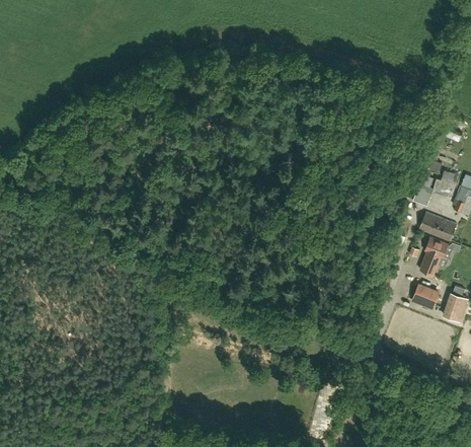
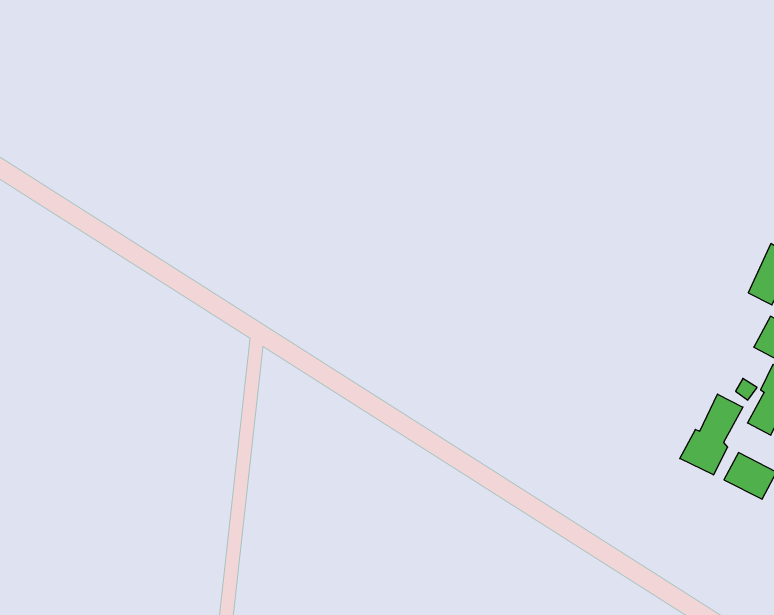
building: none -> [680,394,743,475]

